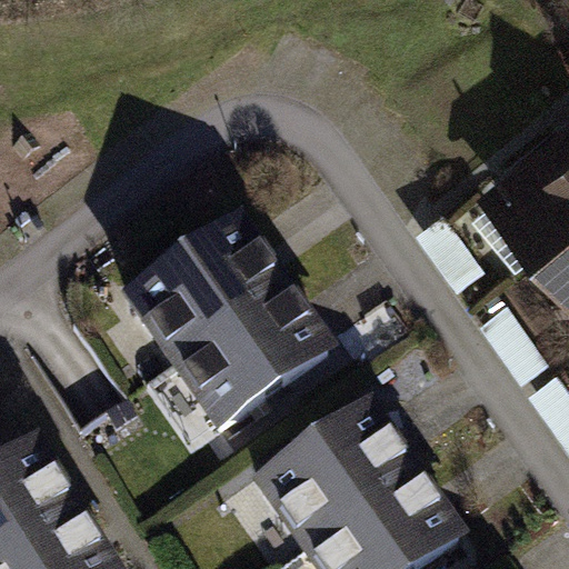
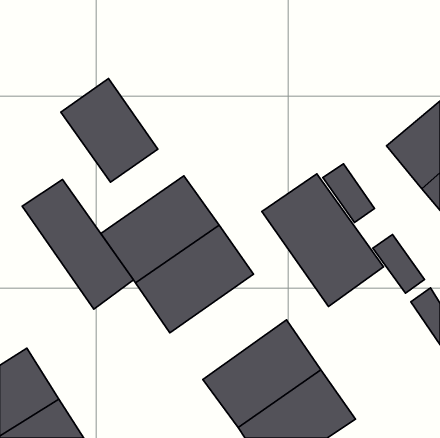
building: none -> [61,78,158,182]
building: none -> [262,174,384,307]
building: none -> [22,179,133,309]

